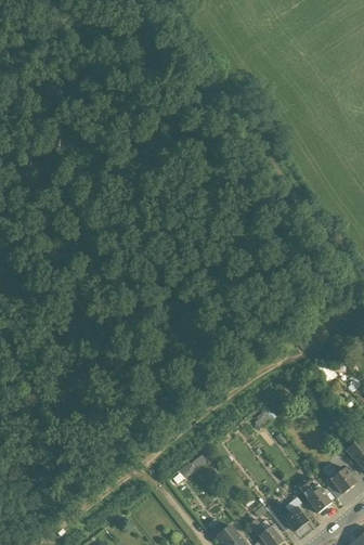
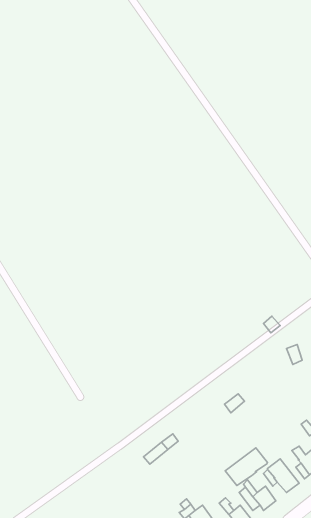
building: none -> [225,448,267,486]

